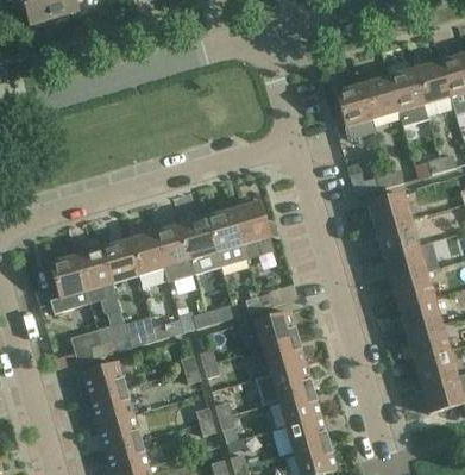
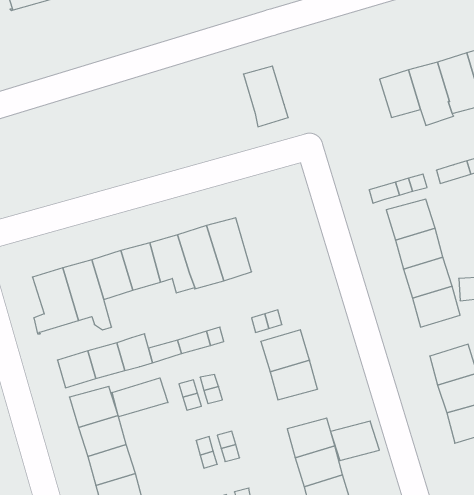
building: [334,85,375,139] -> [243,66,288,127]
building: [231,201,272,258] -> none
building: [397,298,440,335] -> none
building: none -> [112,378,168,417]
building: [269,364,313,400] -> [331,421,379,461]

